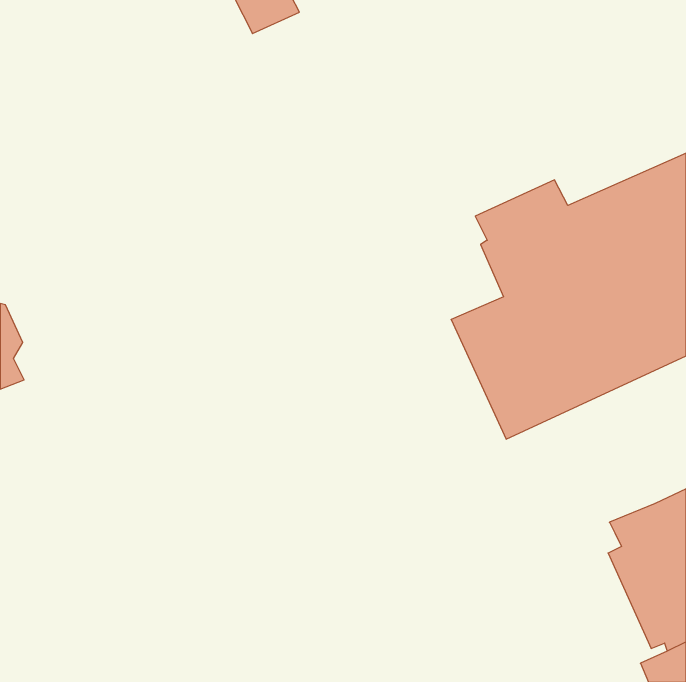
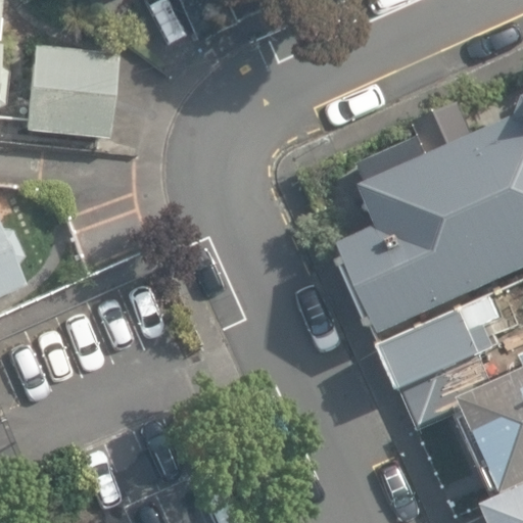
building: none -> [26,43,118,138]
building: none -> [382,310,501,428]

